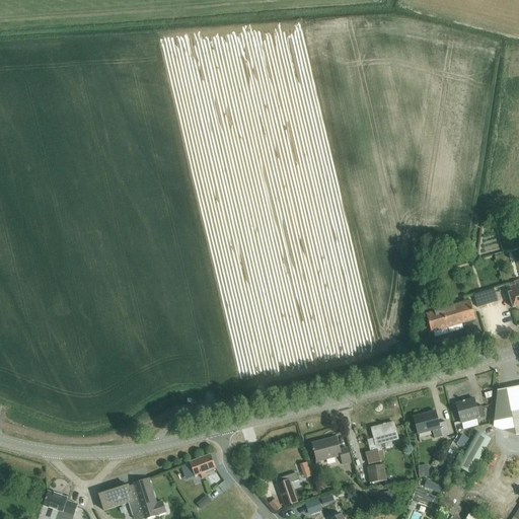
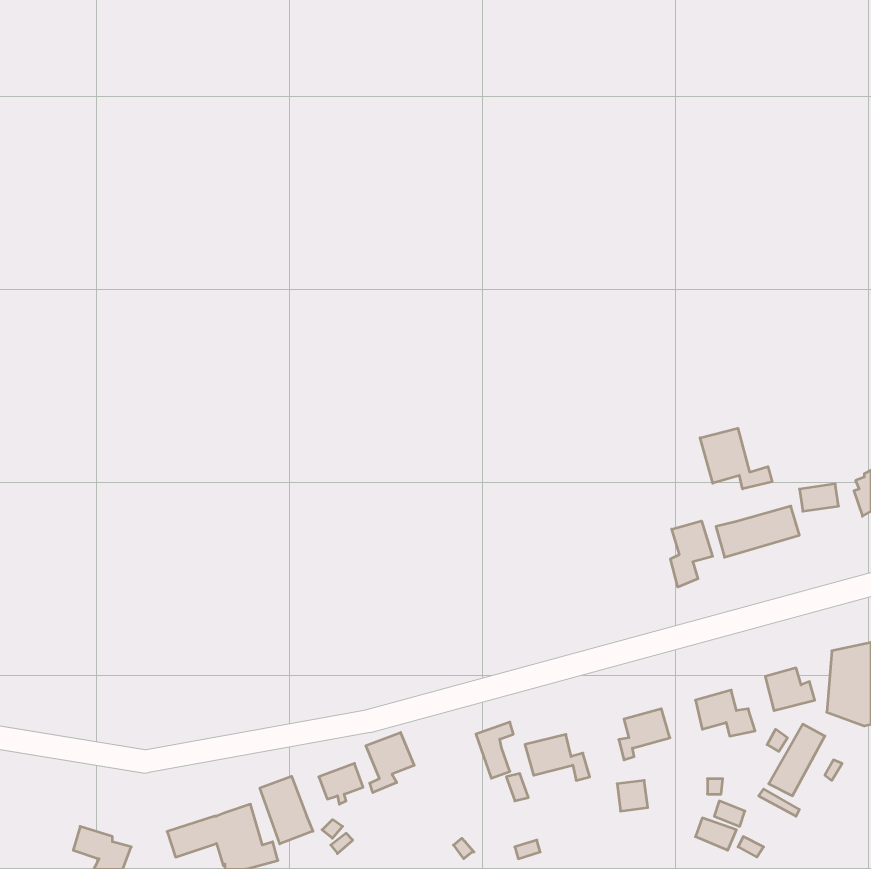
building: none -> [700,428,772,489]
building: none -> [670,521,713,587]
building: none -> [366,732,414,793]
building: none -> [260,776,313,844]
building: [276,472,298,506] -> [476,722,513,778]

